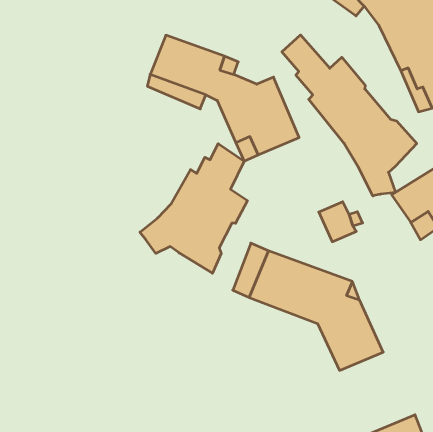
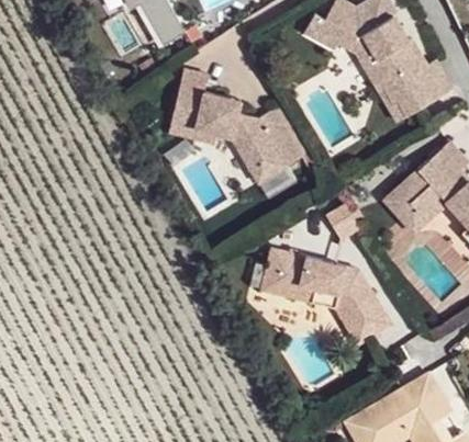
building: [282,35,417,196] -> none
building: [140,144,247,273] -> none

